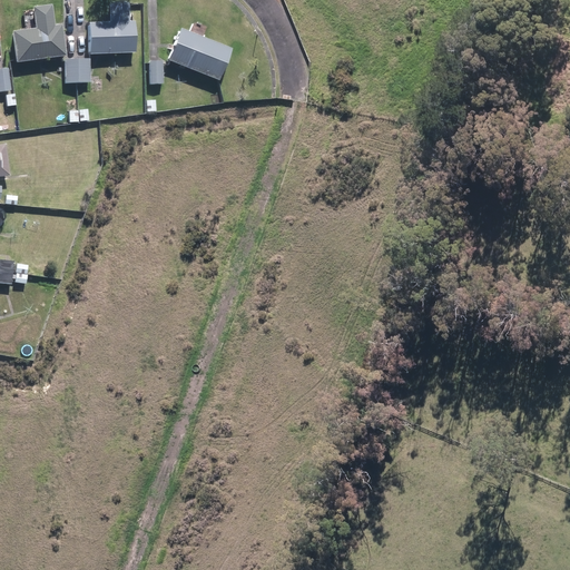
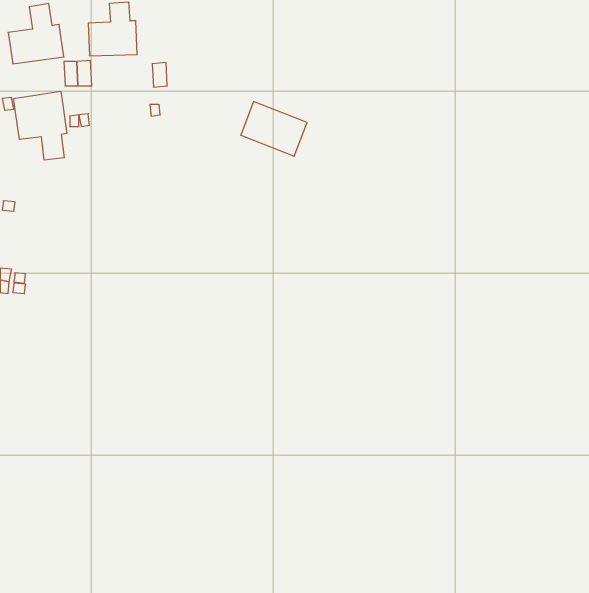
building: [168,28,232,80] -> [241,102,307,156]
building: none -> [14,91,67,160]

